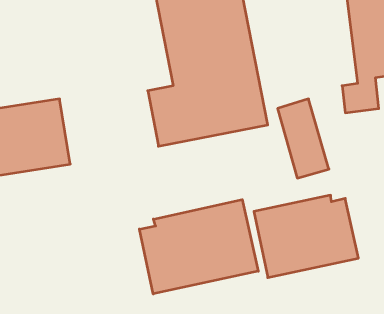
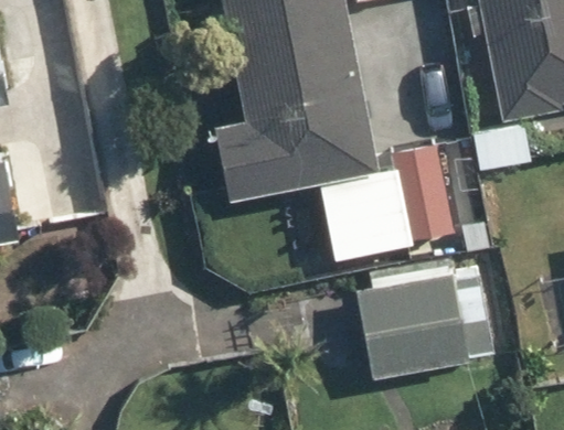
building: [139,200,258,294] -> none

